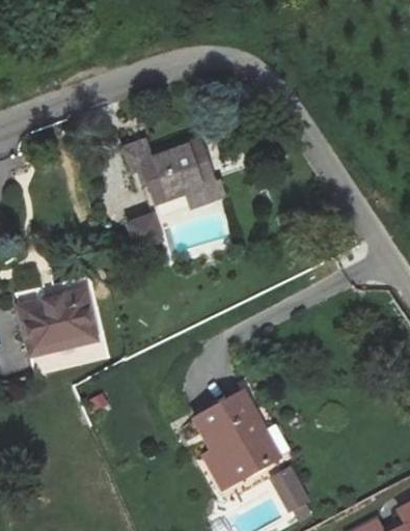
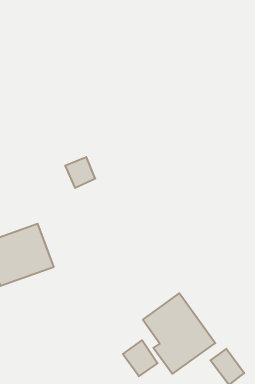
building: [122,138,225,206] -> none
building: none -> [123,340,158,376]

